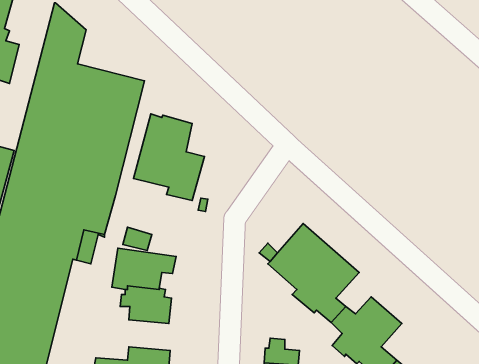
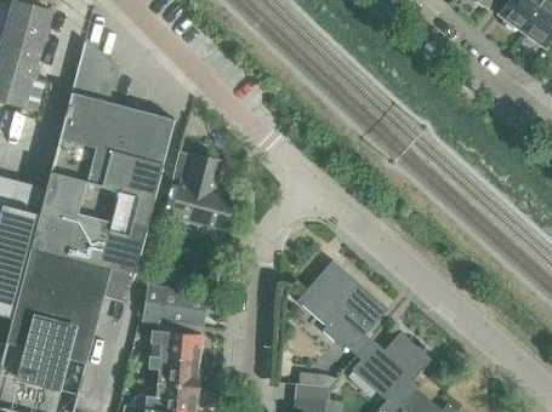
building: none -> [148,356,201,387]

